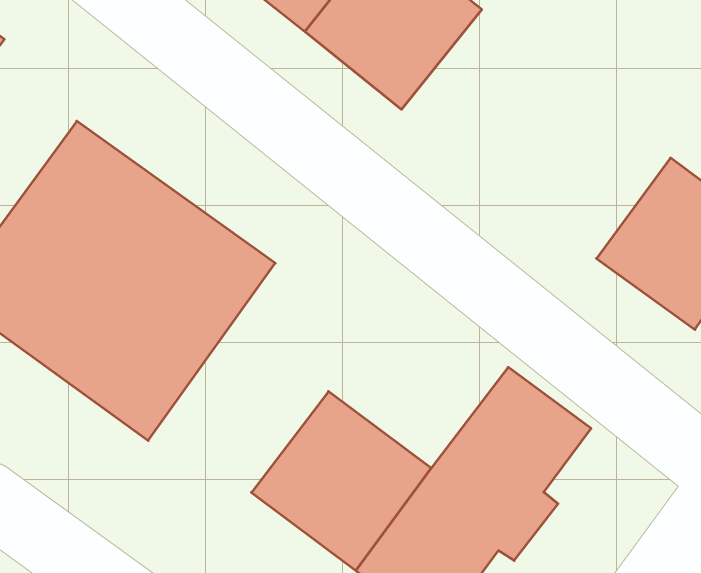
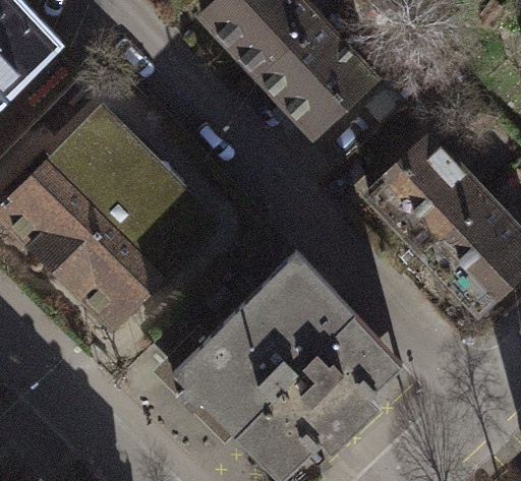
building: none -> [368,138,483,253]
building: none -> [235,253,355,373]

